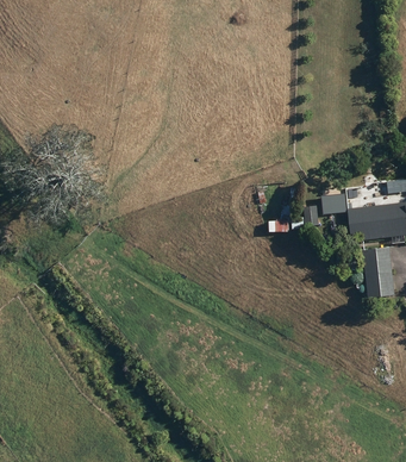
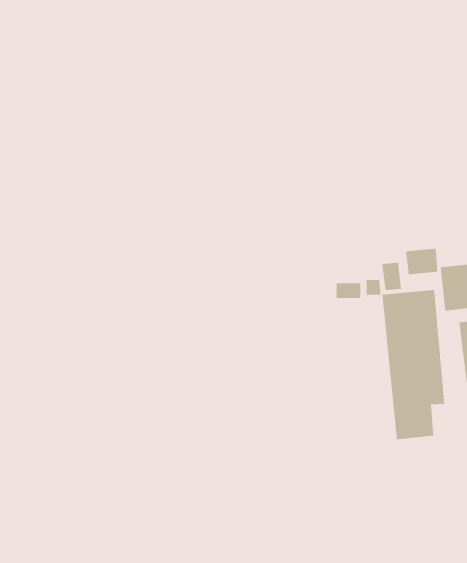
building: none -> [382,289,445,440]

